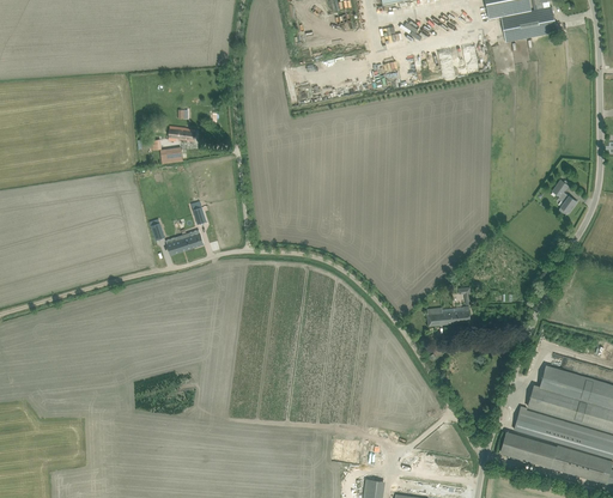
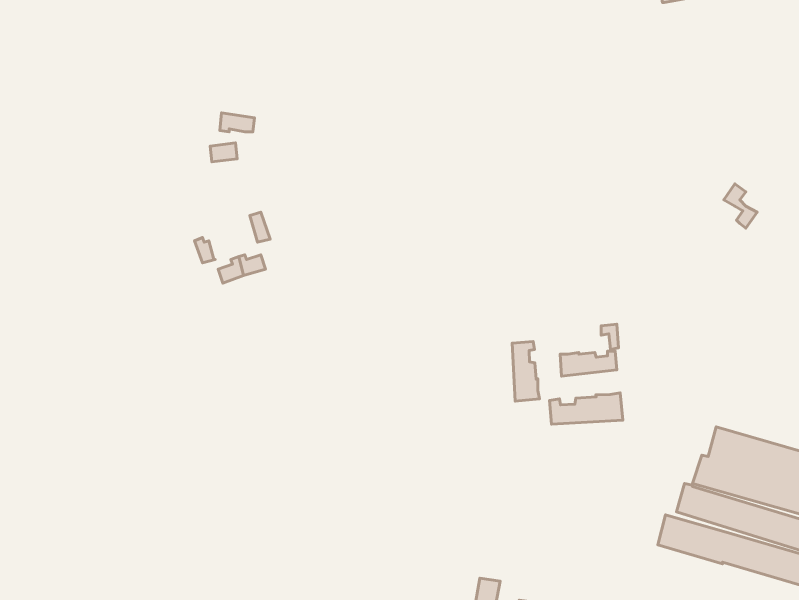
building: none -> [512,341,539,401]
building: none -> [549,393,623,424]

